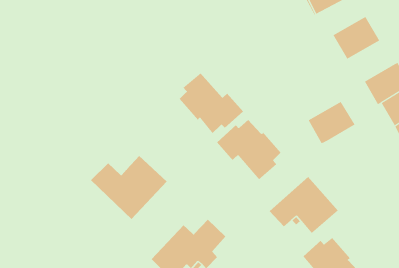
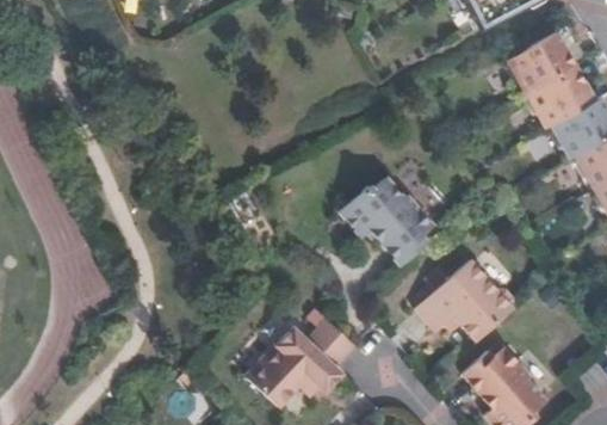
building: [179,72,244,134] -> none
building: [308,101,355,144] -> [526,64,594,125]
building: [90,155,168,220] -> none

